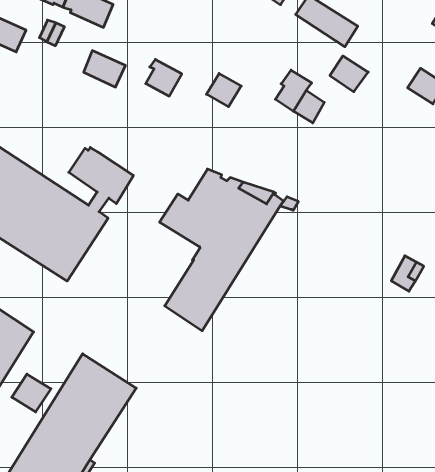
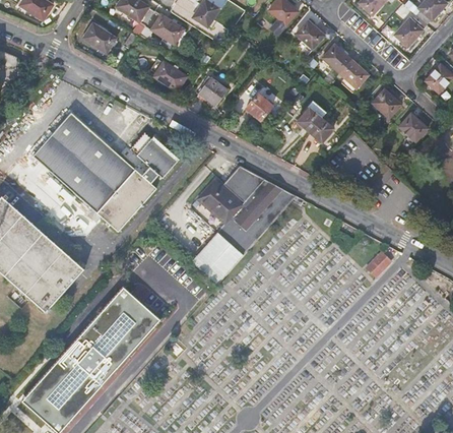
building: [330,56,368,92] -> [372,89,401,118]
building: [12,374,51,412] -> none

